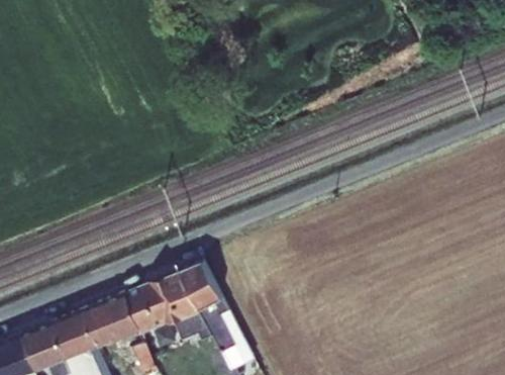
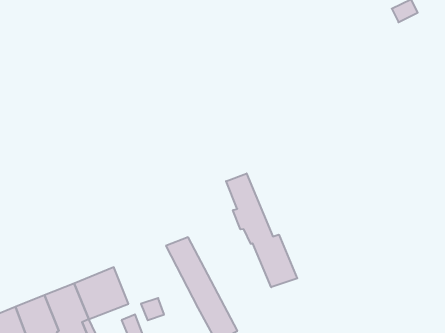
building: none -> [226,173,297,287]
building: [124,271,212,341] -> none

